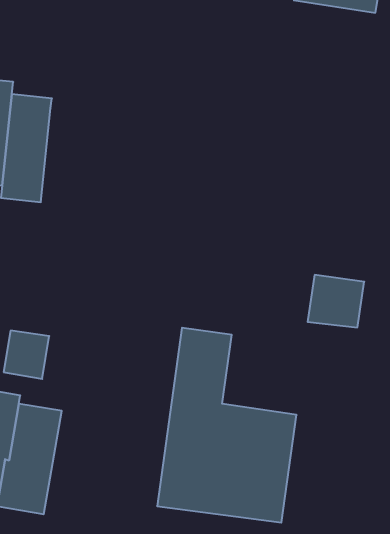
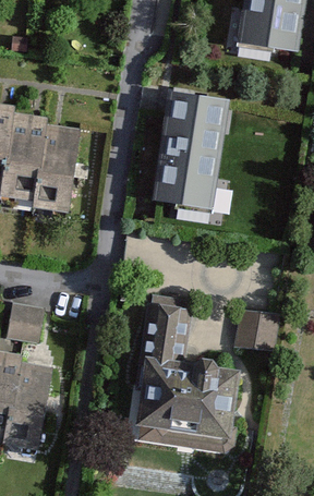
building: none -> [154,87,237,213]
building: none -> [35,128,78,216]
building: [308,275,364,327] -> [234,309,279,350]

